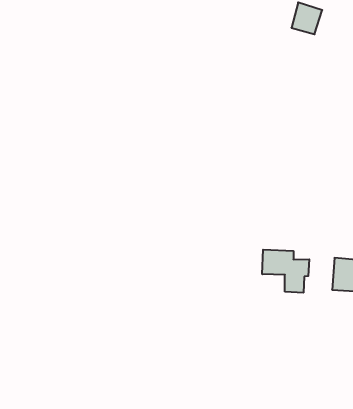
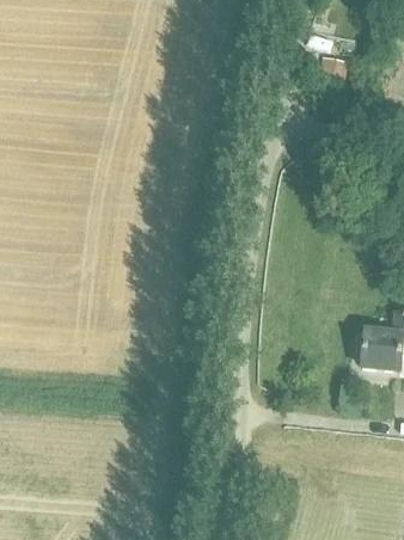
building: [262,250,309,293] -> none

